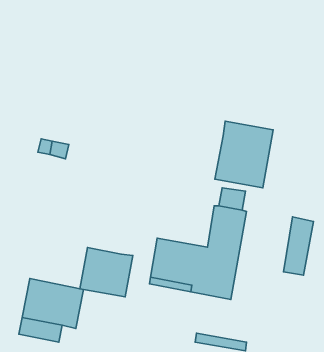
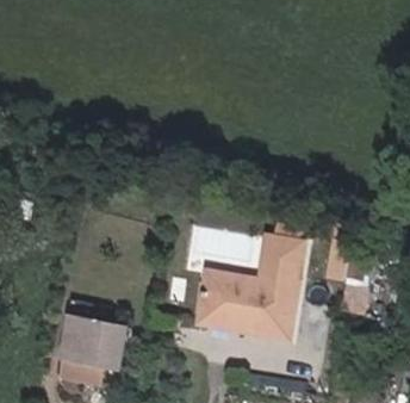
building: [215,121,273,188] -> none
building: [80,247,133,297] -> none

